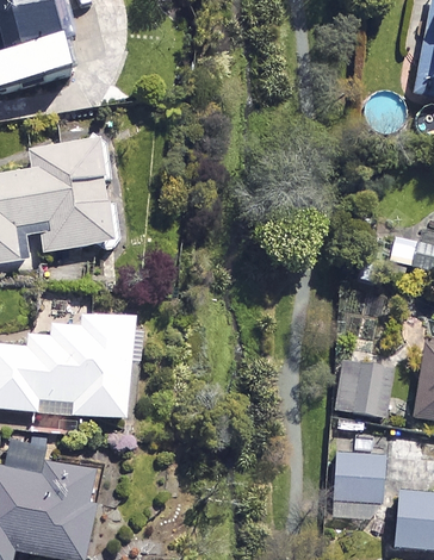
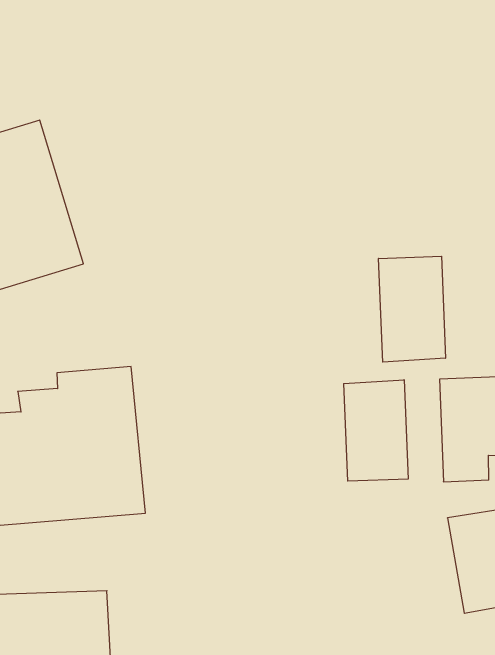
building: none -> [379,256,445,362]
building: none -> [344,380,408,481]

